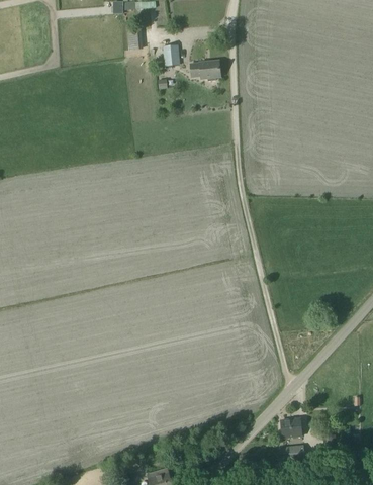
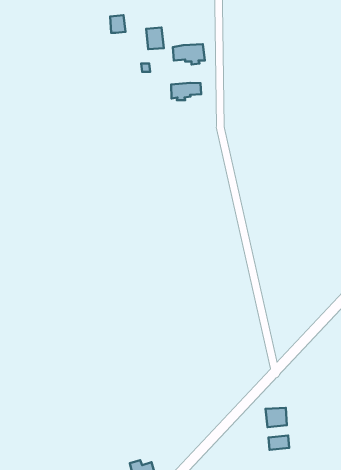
building: none -> [171,83,201,100]

